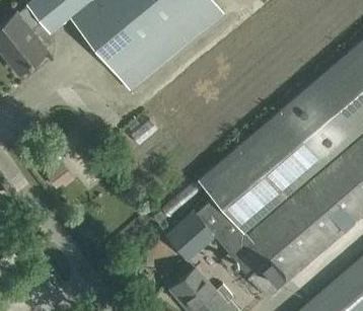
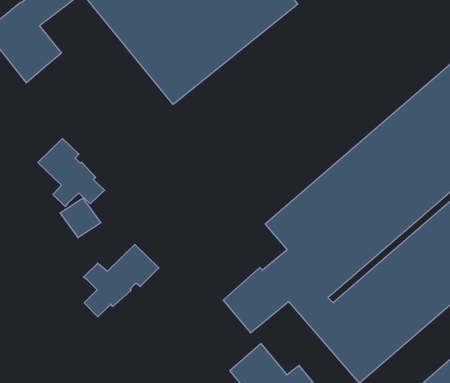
building: none -> [38,139,105,206]
building: none -> [83,244,159,317]

